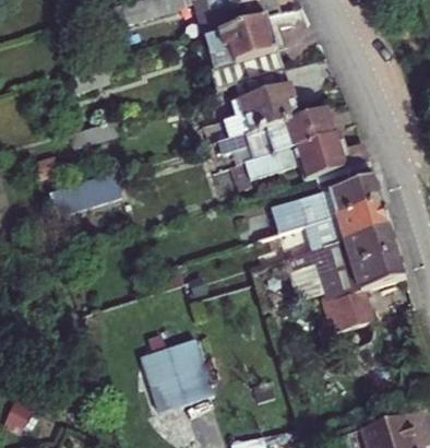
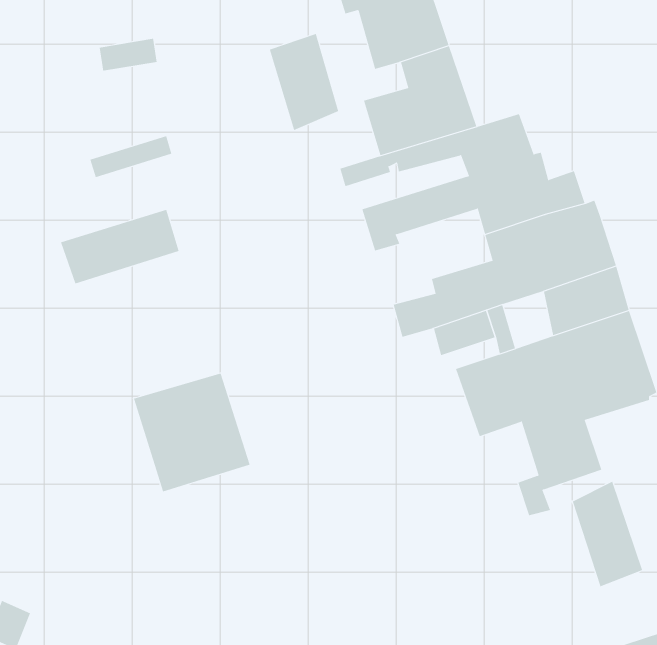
building: none -> [269,33,339,131]
building: none -> [572,481,643,587]
building: [145,341,215,412] -> [133,373,251,492]

